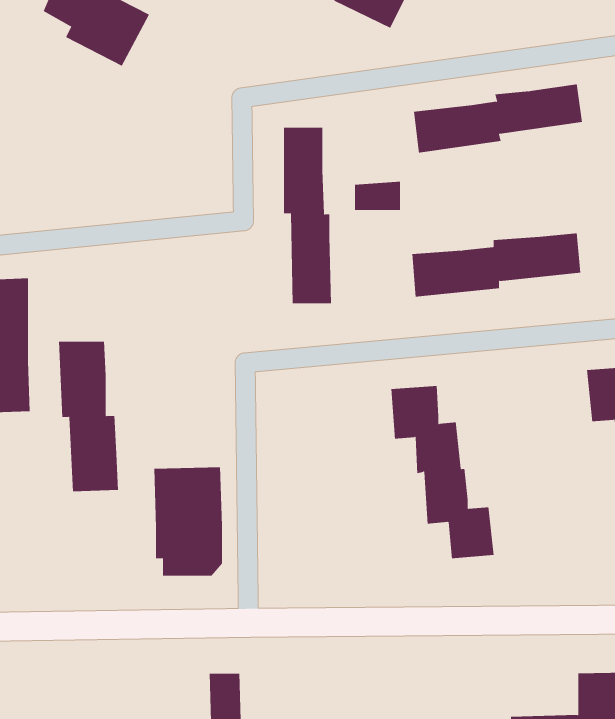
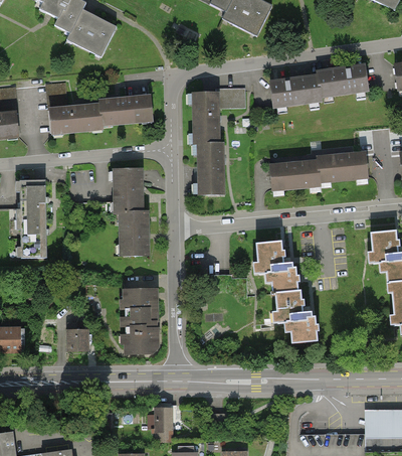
building: none -> [48,96,151,134]
building: [354,181,401,211] -> [217,90,244,107]
building: [58,341,119,492] -> [114,169,149,257]
building: none -> [67,326,90,350]

